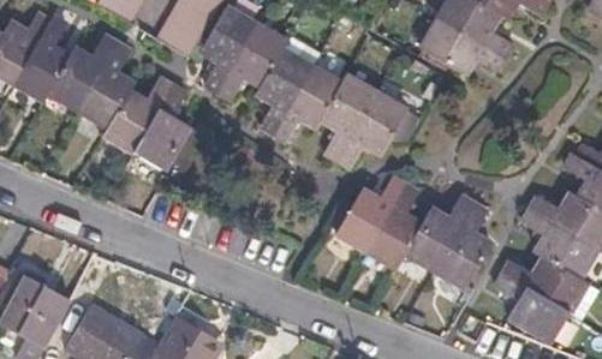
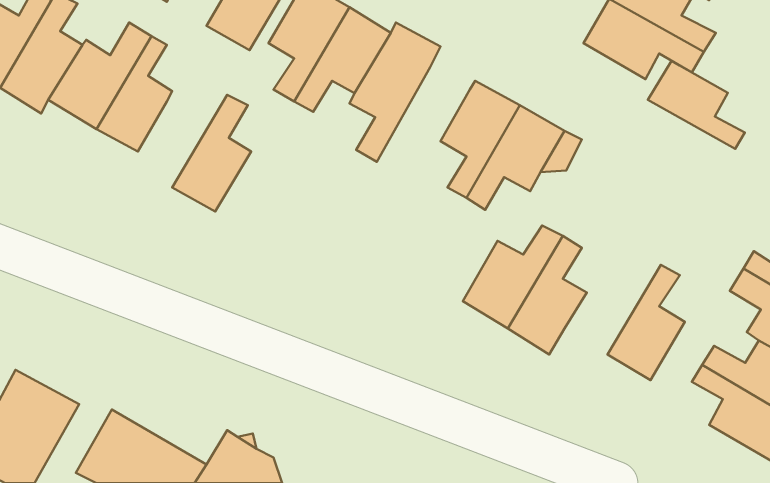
building: none -> [648,61,745,149]
building: [276,66,341,139] -> none
building: [105,77,172,150] -> none
building: [407,195,475,267] -> none

